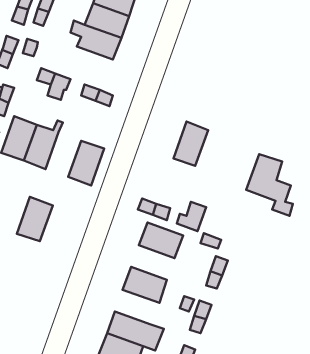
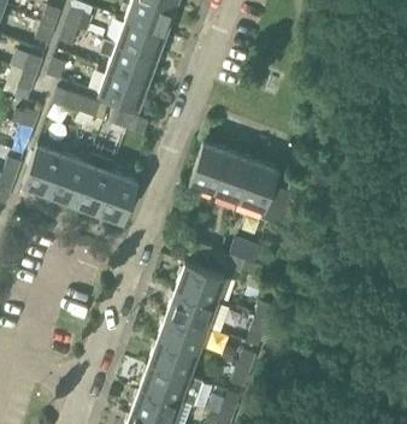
building: none -> [99,69,147,108]
building: none -> [189,143,229,193]
building: [246,154,293,216] -> [238,161,290,230]
building: [17,197,53,241] -> [72,164,112,213]
building: none -> [167,289,216,328]
building: none -> [149,338,199,377]

